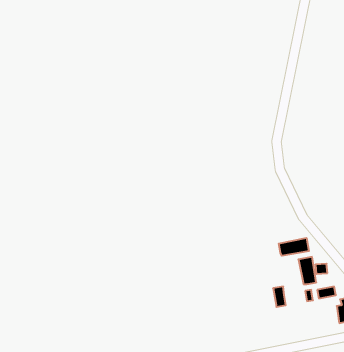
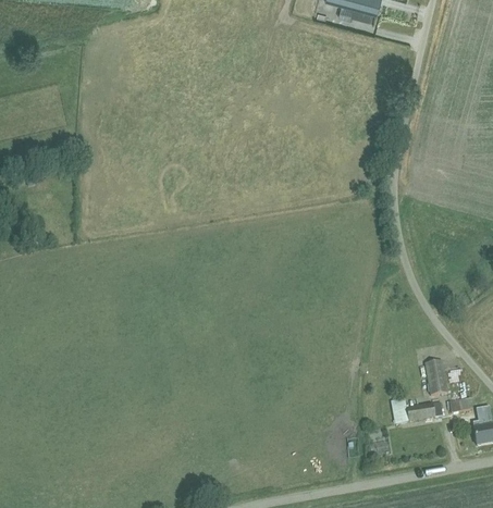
building: [279,238,309,256] -> none

